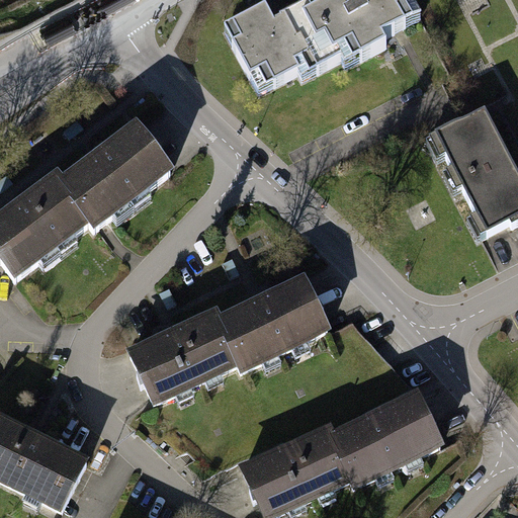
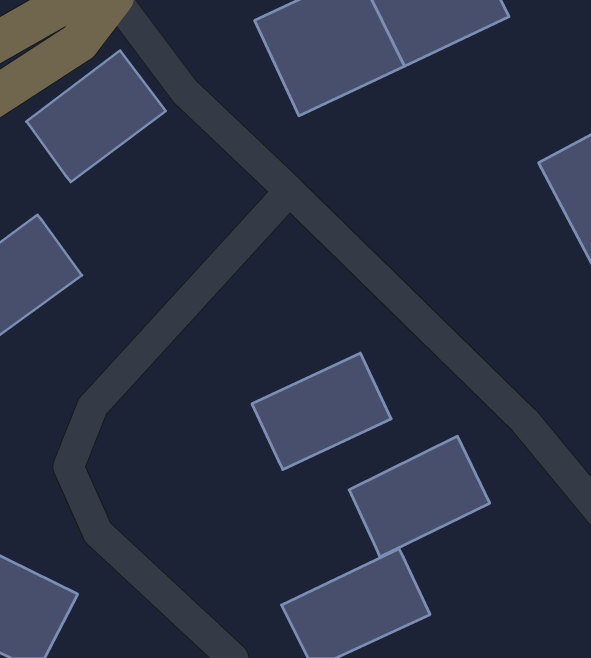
building: [63,122,168,222] -> [26,51,166,182]
building: [132,307,241,398] -> none
building: [335,388,441,480] -> [349,436,490,557]

